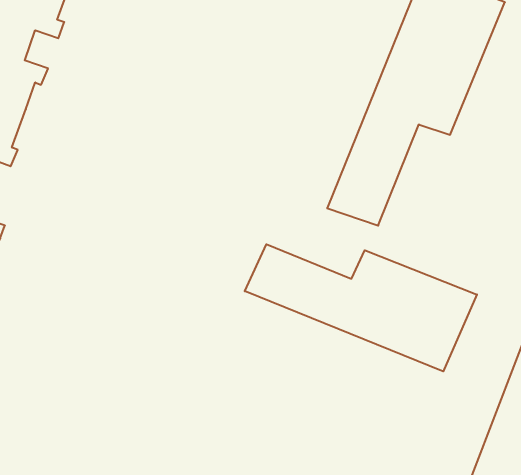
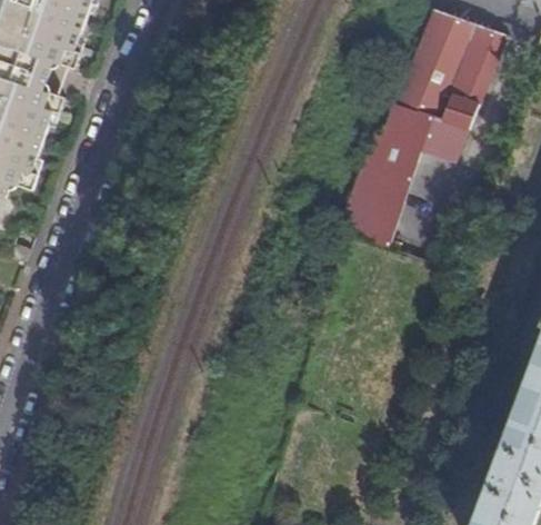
building: [245,244,477,371] -> none

